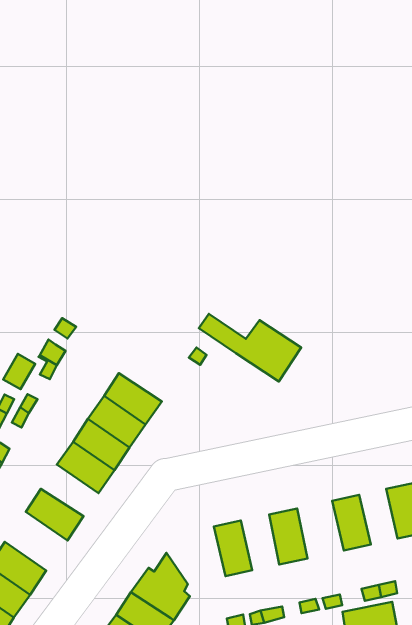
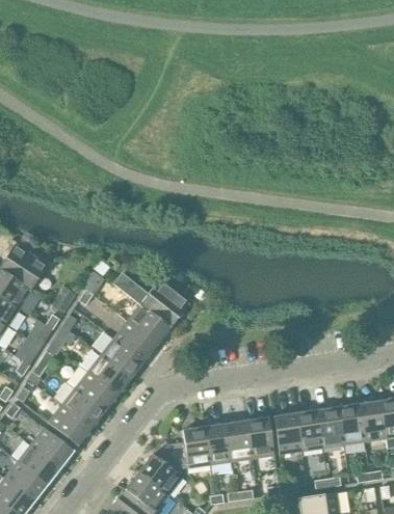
building: [199,314,301,382] -> [112,273,189,328]
building: none -> [74,371,117,411]
building: none -> [316,406,343,448]
building: none -> [273,412,301,454]
building: none -> [48,405,91,447]
building: none -> [225,420,252,461]
building: none -> [166,426,210,468]

